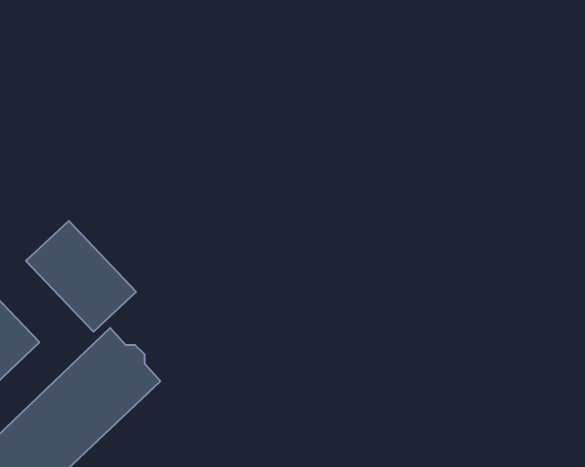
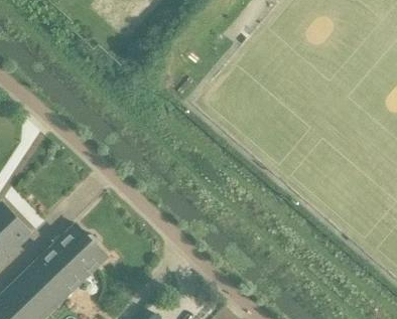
building: [26,221,136,332] -> none

